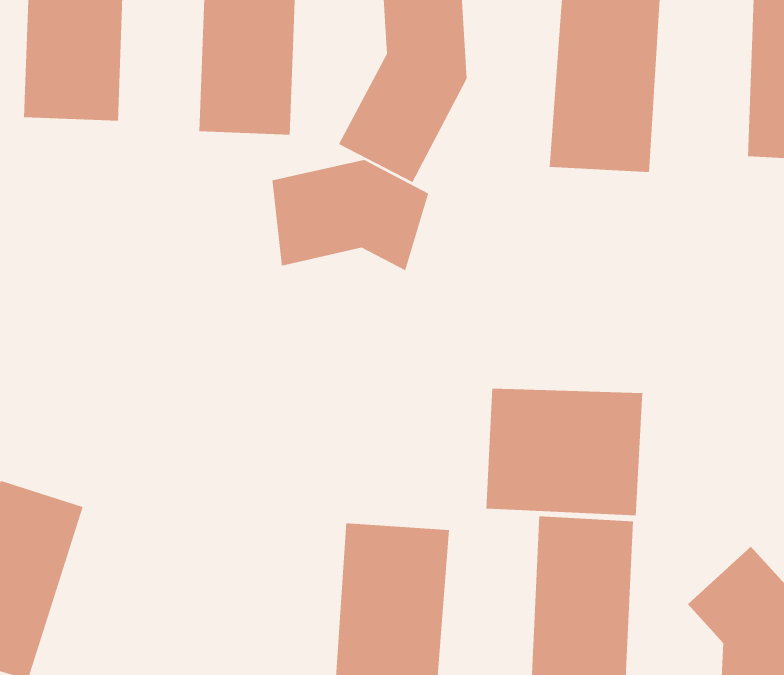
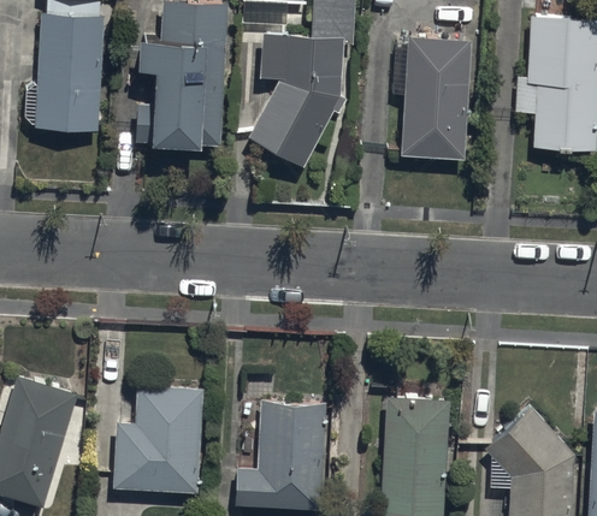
building: [272,159,429,271] -> none
building: [486,388,643,516] -> none
building: none -> [120,384,202,491]

